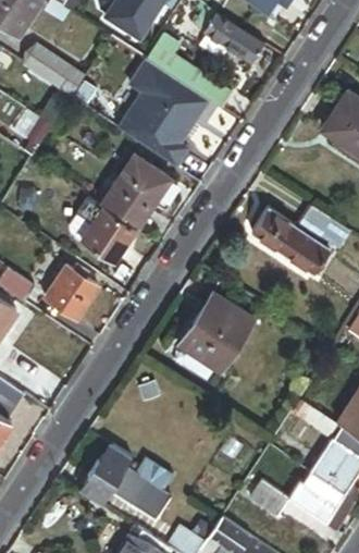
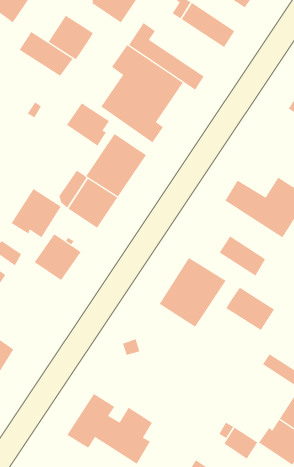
building: none -> [48,15,94,60]
building: none -> [66,102,110,146]
building: none -> [11,188,61,238]
building: none -> [219,236,266,276]
building: none -> [226,287,275,331]

